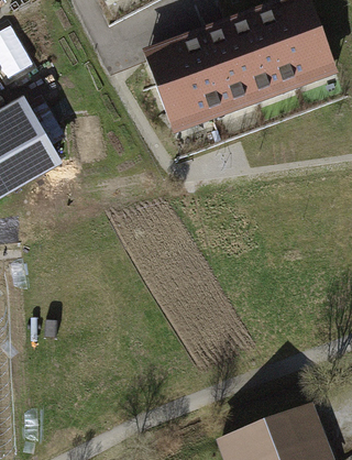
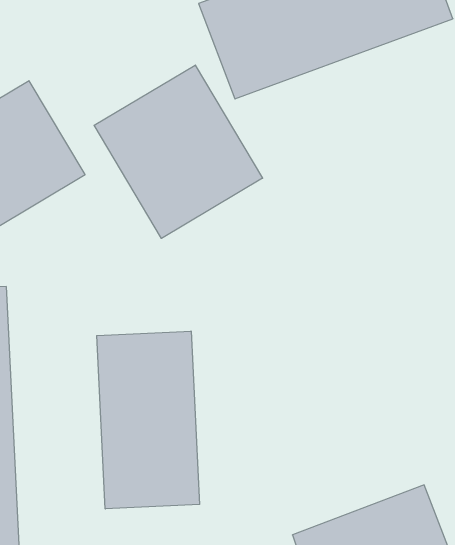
building: none -> [94,65,263,238]
building: none -> [97,331,200,509]

